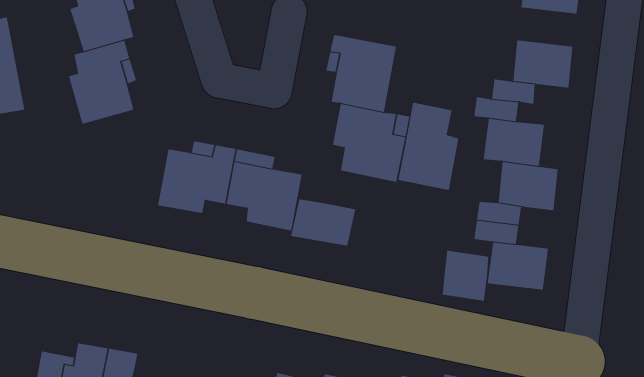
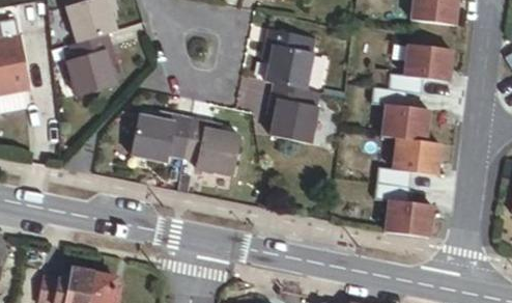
building: [398,102,459,191] -> none
building: [291,199,356,247] -> none
building: [442,250,489,301] -> none

